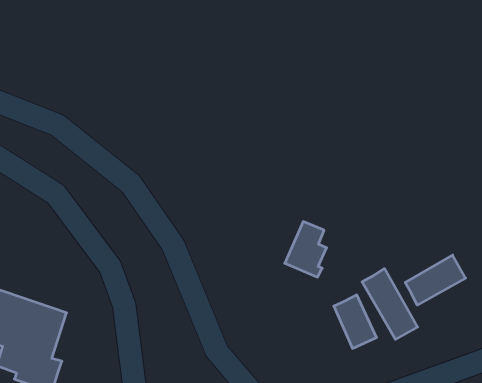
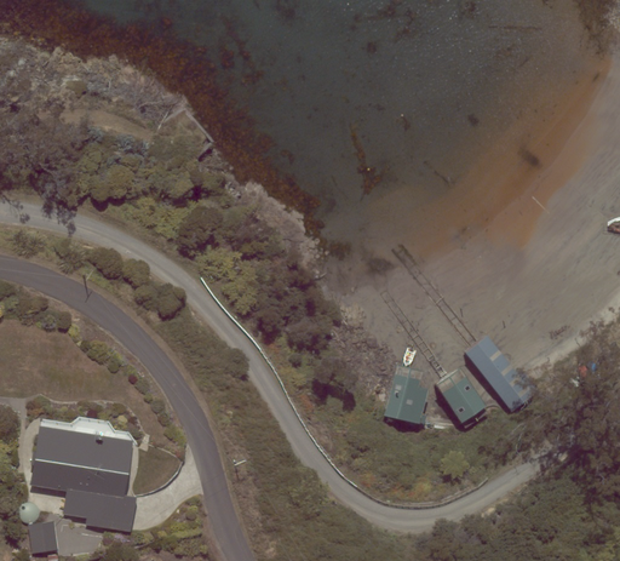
building: [285,222,327,277] -> [384,365,429,425]
building: [405,255,466,305] -> none

